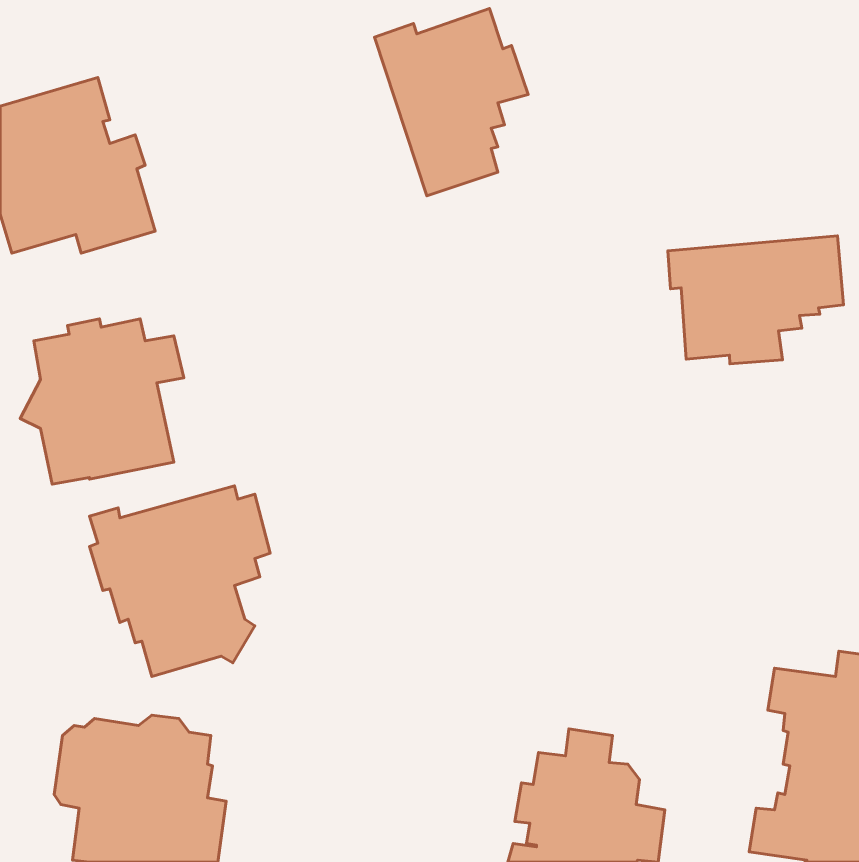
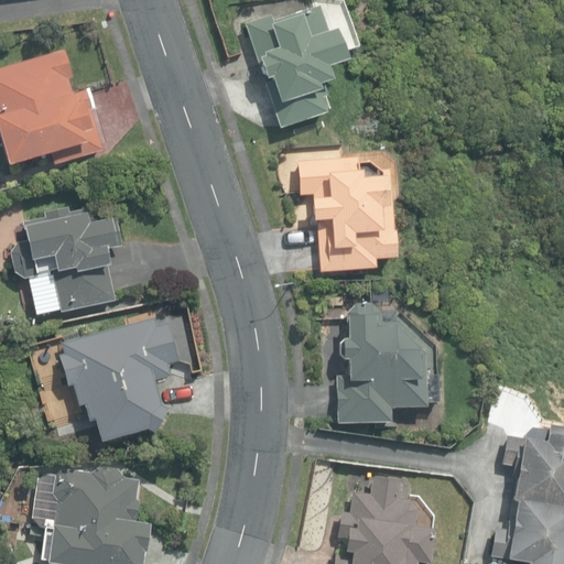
building: [668,236,843,364] -> none
building: none -> [299,156,395,272]
building: none -> [337,304,426,423]

